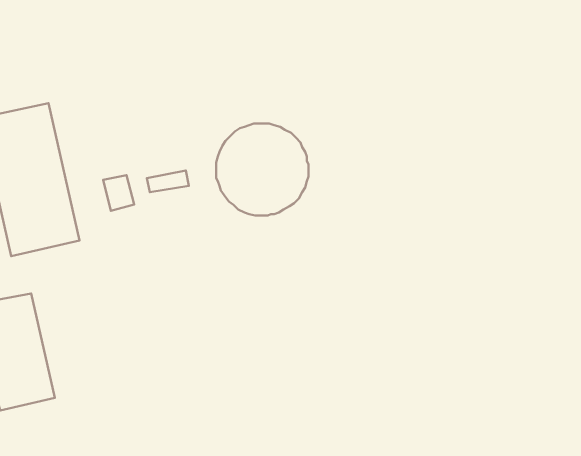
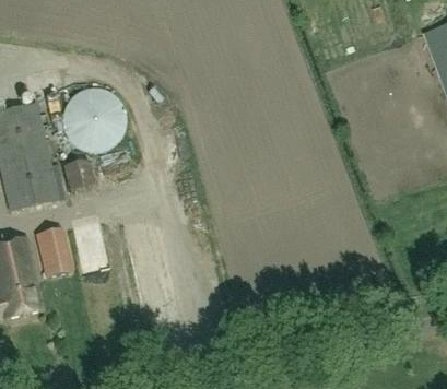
building: [216,124,308,216] -> [62,87,127,152]
building: none -> [38,228,68,276]

